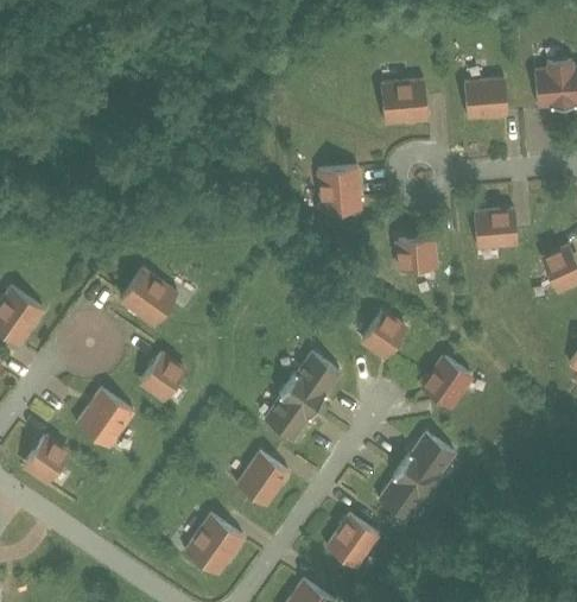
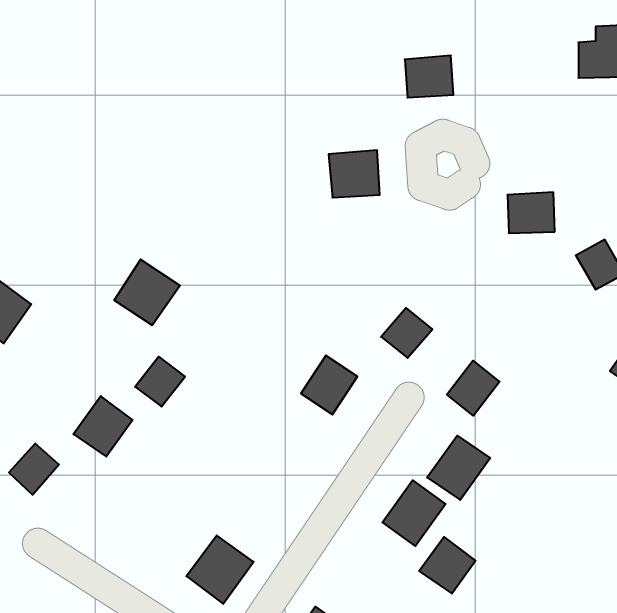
building: [467,80,512,116] -> none
building: [394,237,435,271] -> none
building: [266,394,312,441] -> none
building: [234,452,288,508] -> none
building: [326,515,378,566] -> [419,537,476,594]

